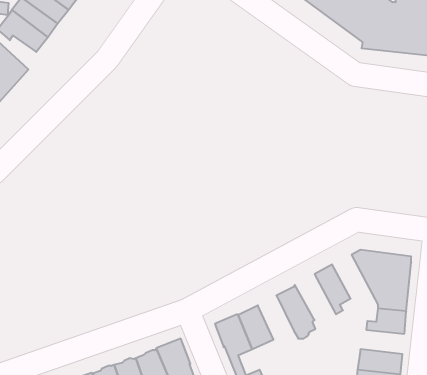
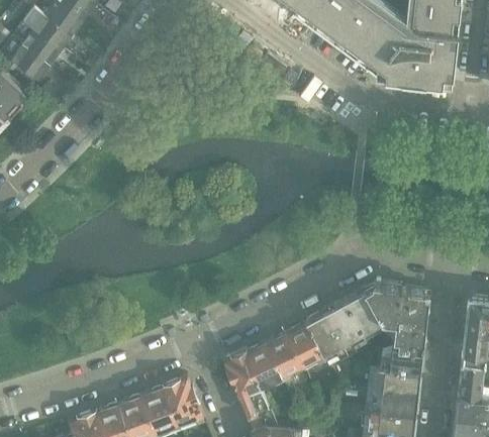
building: none -> [345,289,386,334]
building: none -> [306,309,349,360]
building: none -> [268,331,305,376]
building: none -> [374,365,419,392]

